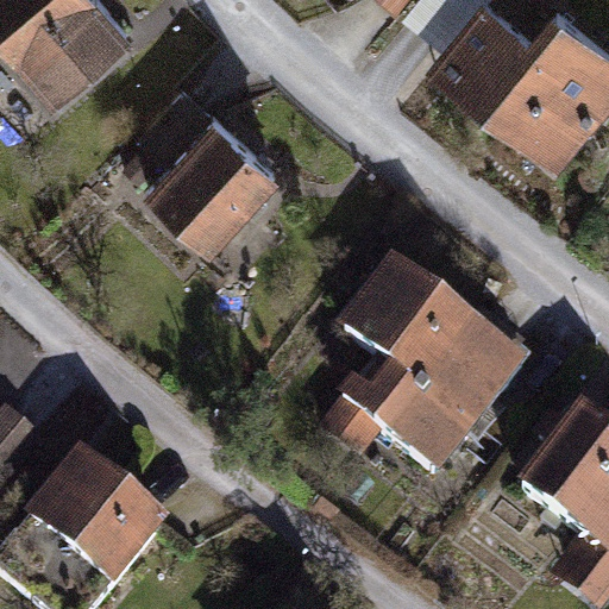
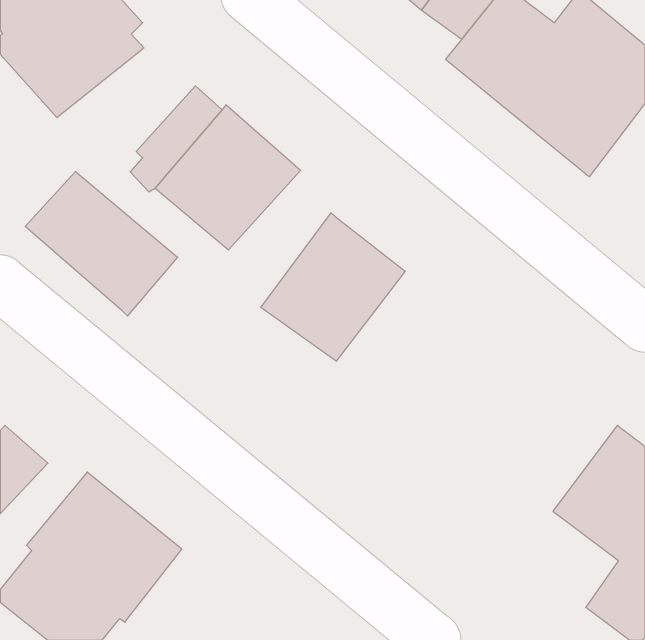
building: none -> [25,171,178,316]
building: none -> [261,213,405,361]
building: [321,252,527,473] -> none

